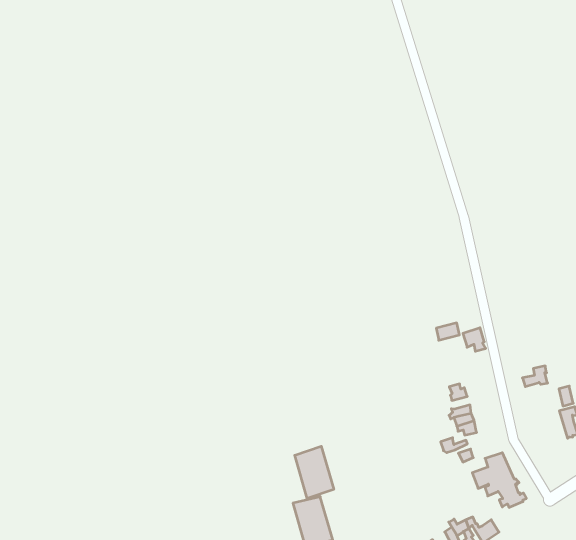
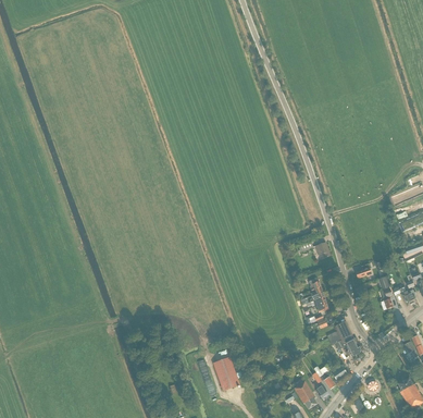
building: [295,446,334,498] -> none

